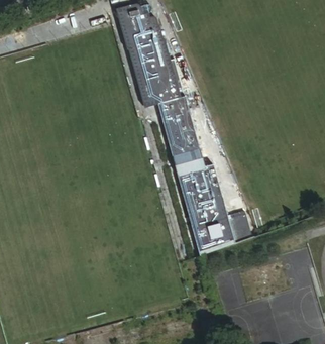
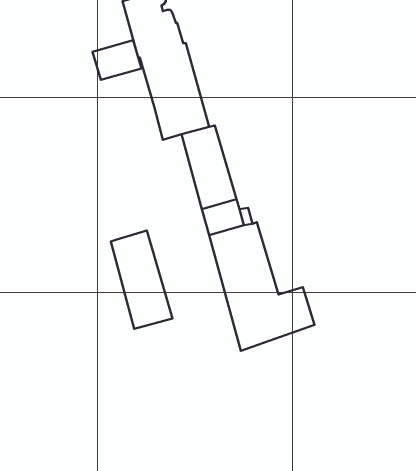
building: none -> [93,40,141,80]
building: none -> [111,230,173,329]

